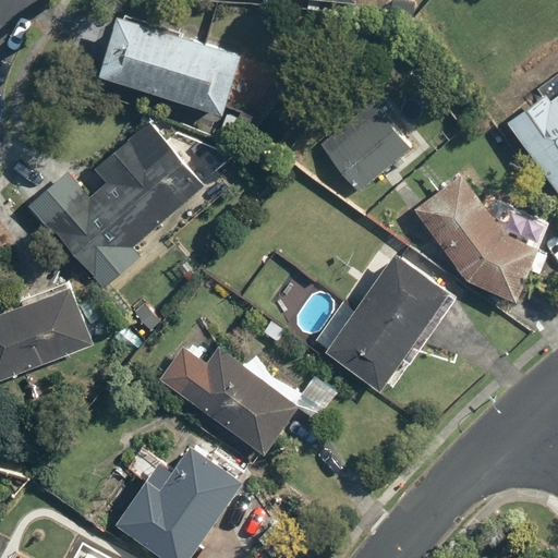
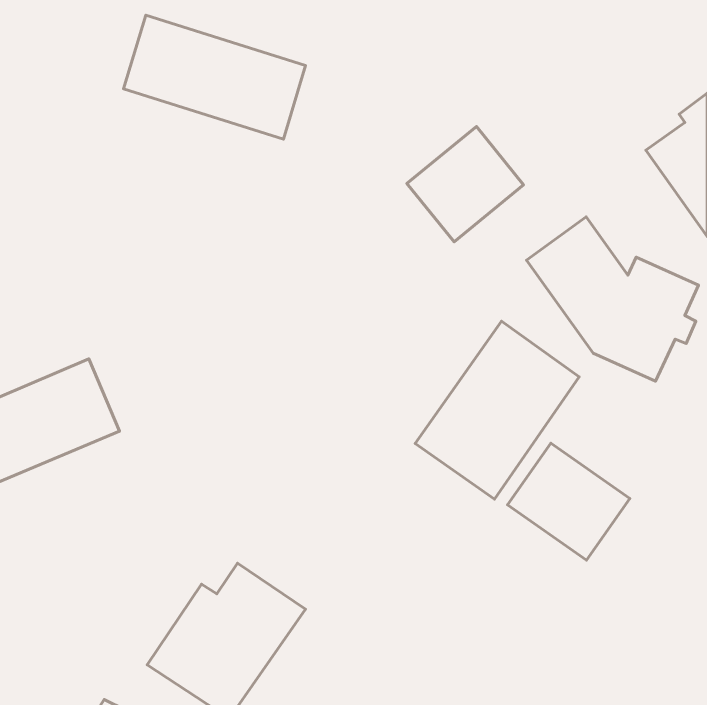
building: [36,123,234,291] -> none
building: [158,344,302,458] -> none
building: none -> [507,443,630,560]

